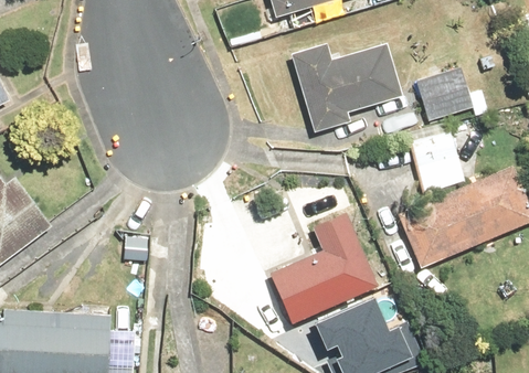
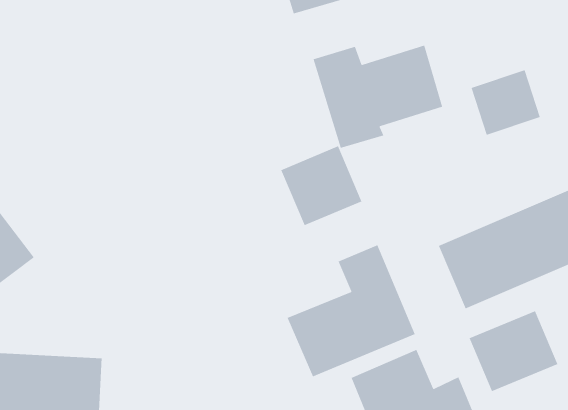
building: [419,127,470,190] -> none
building: none -> [280,145,363,226]
building: none -> [468,310,558,392]

